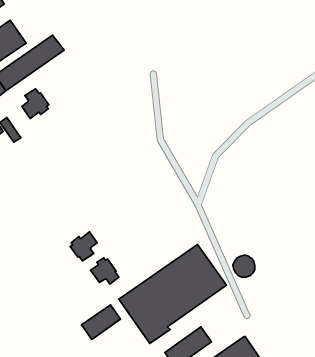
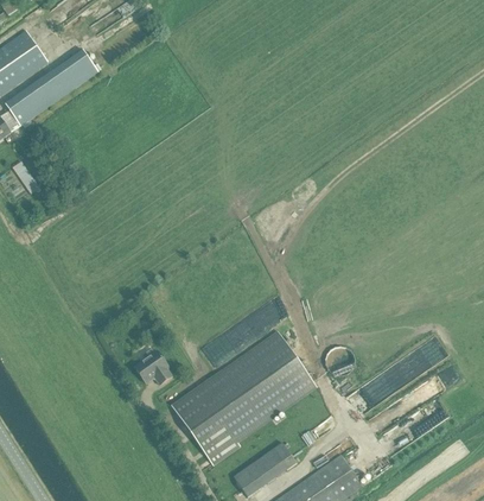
building: [22,89,49,119] -> none
building: [70,232,97,261] -> none
building: [82,305,120,339] -> none

